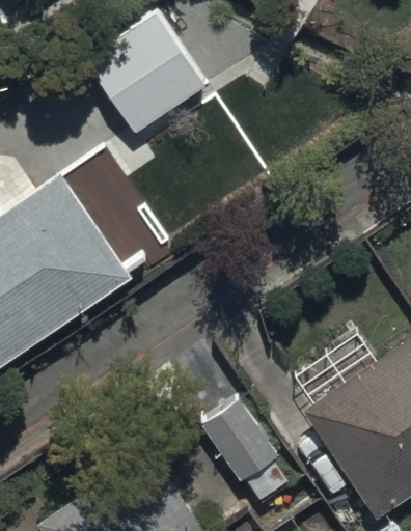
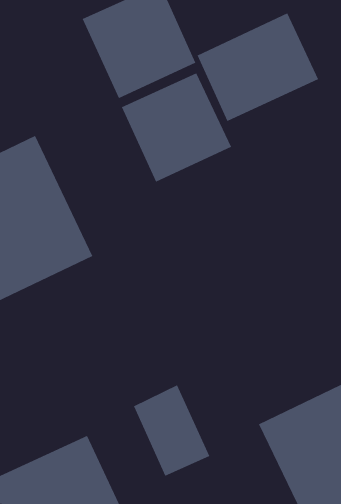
building: none -> [197,13,319,122]
building: none -> [121,72,232,182]

